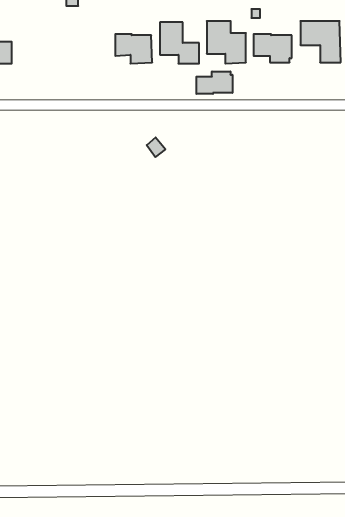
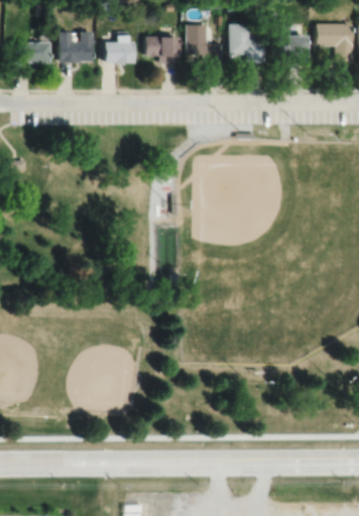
building: none -> [57,32,92,63]
building: none -> [104,36,133,64]
building: [196,71,232,94] -> none

